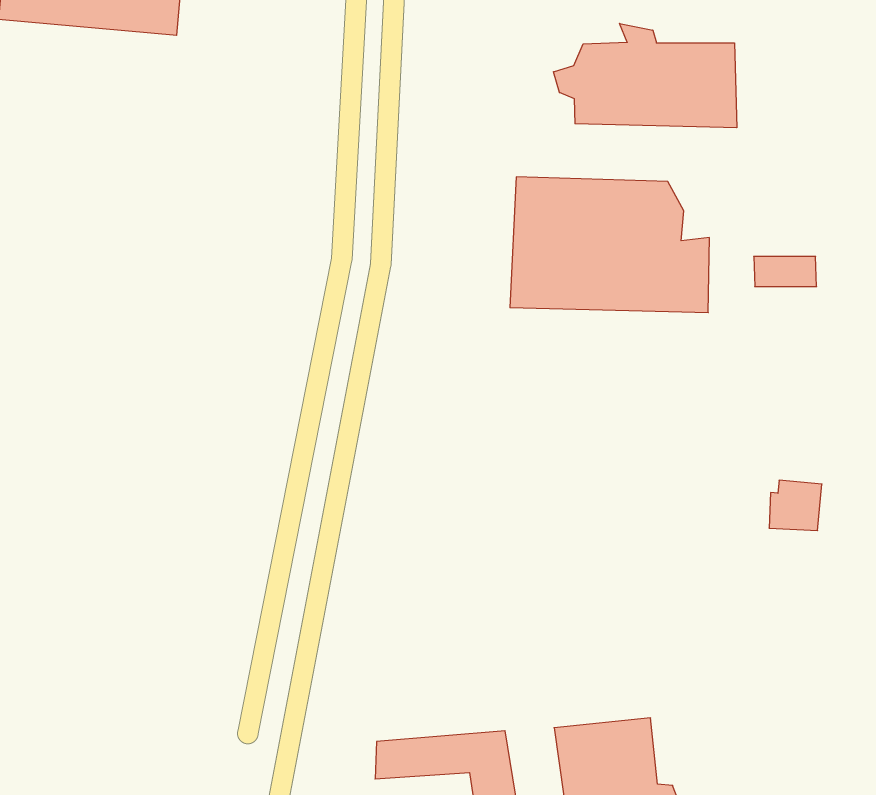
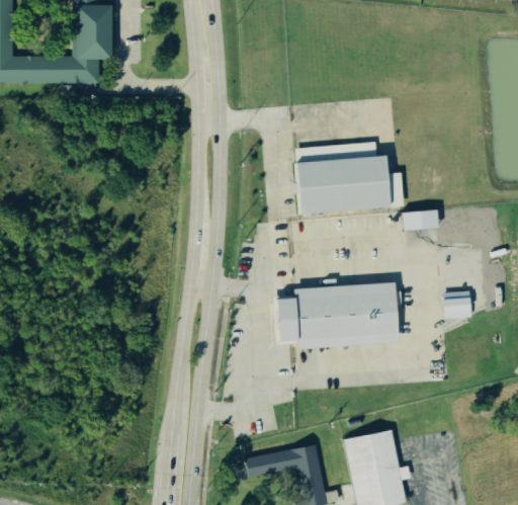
building: [553,23,737,128] -> none
building: [754,256,817,287] -> [405,213,440,232]
building: none -> [269,280,398,349]

